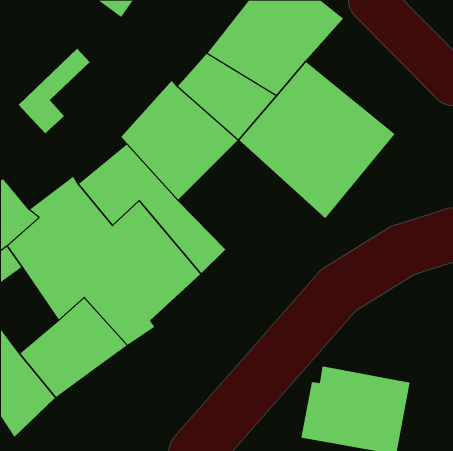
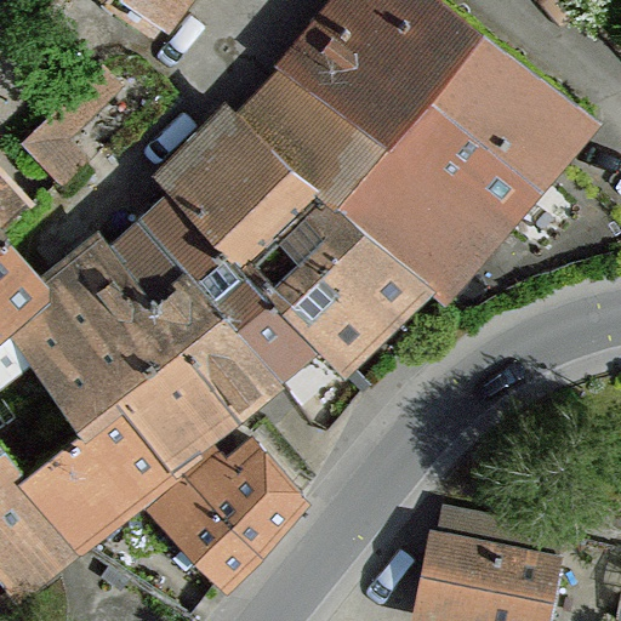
building: none -> [418,29,591,187]
building: none -> [244,195,429,374]
building: none -> [143,448,301,587]

